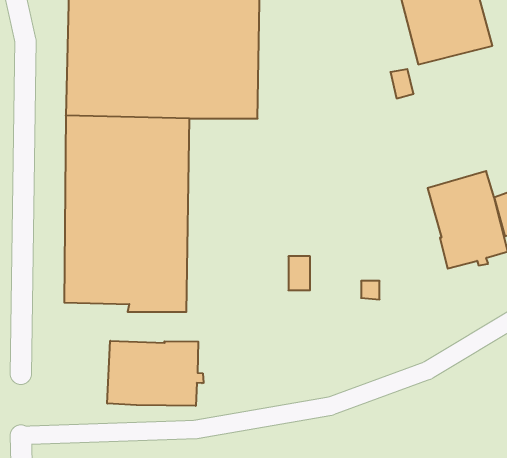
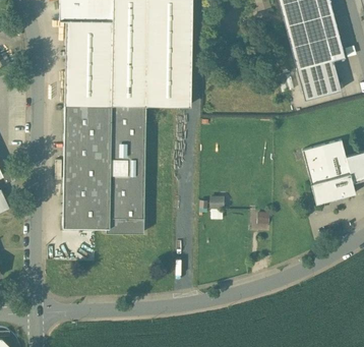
building: none -> [296,61,341,100]
building: [107,341,204,406] -> none

